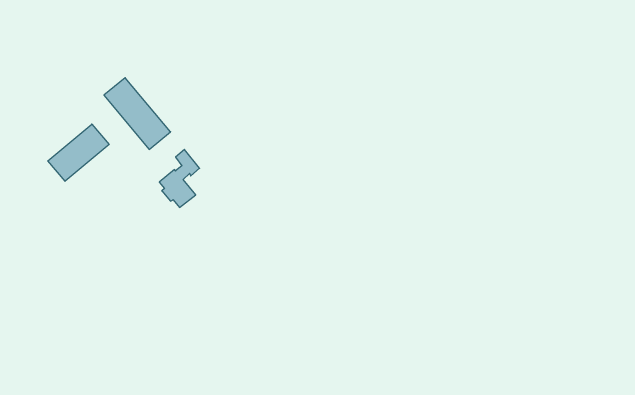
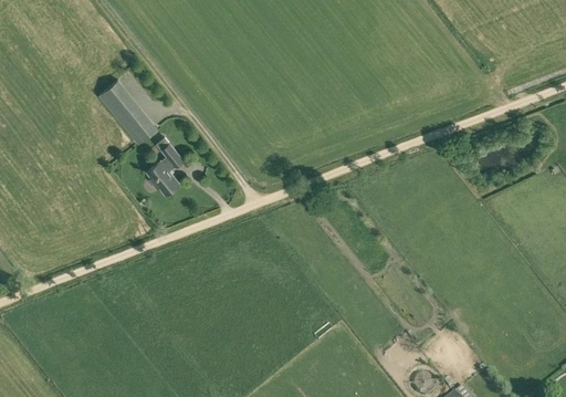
building: [48,124,109,181] -> none

